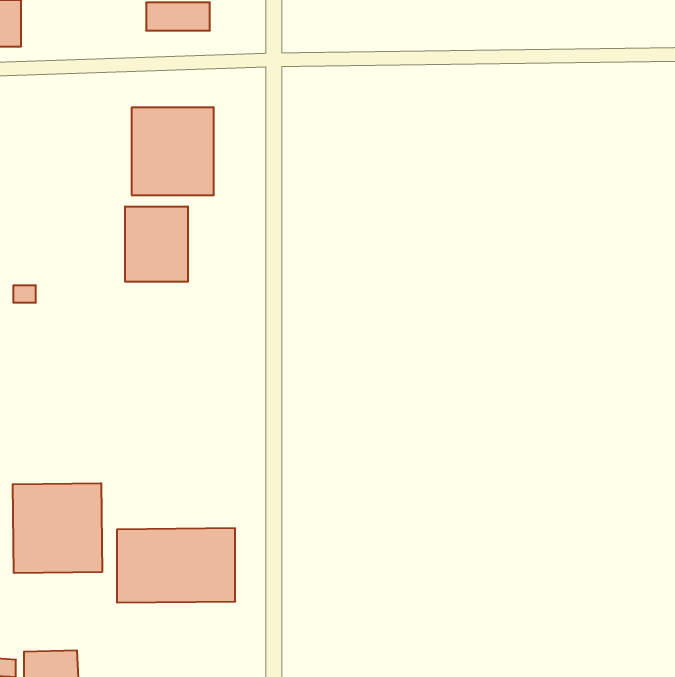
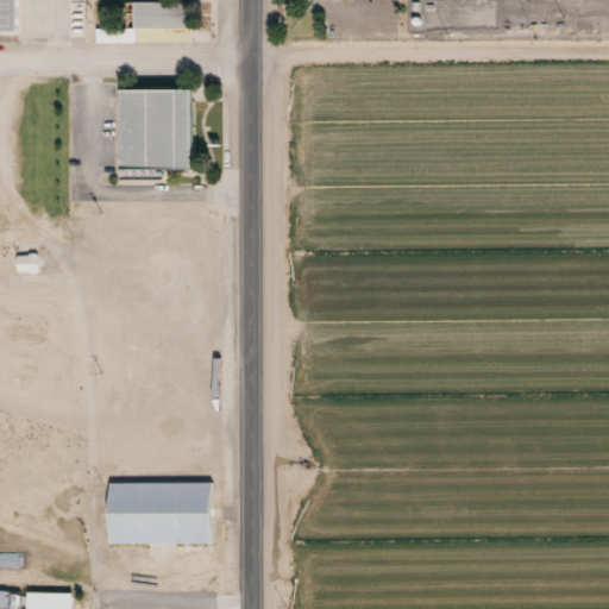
building: [125,206,188,282] -> none
building: [13,483,102,573] -> none

